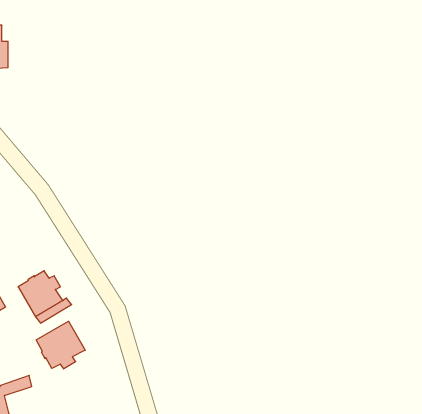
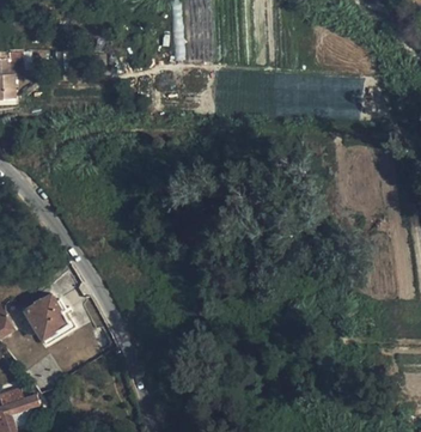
building: [36,321,85,369] -> none

